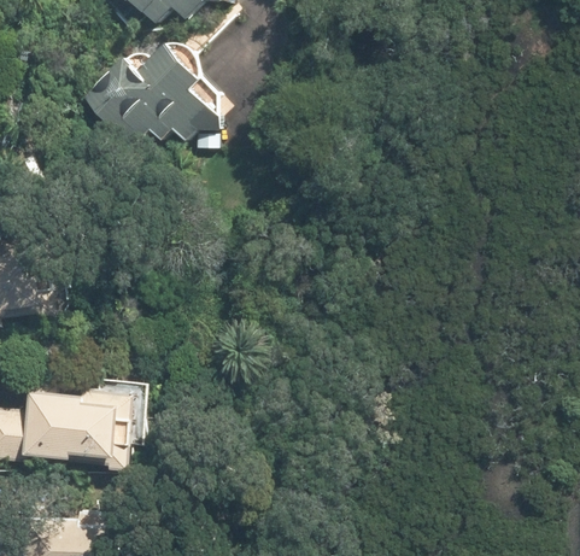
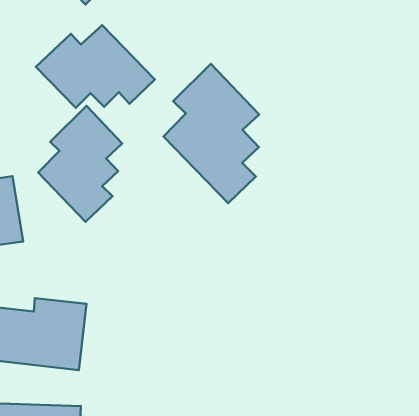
building: none -> [164,64,259,203]
building: none -> [38,106,122,222]

